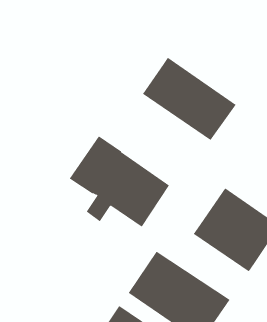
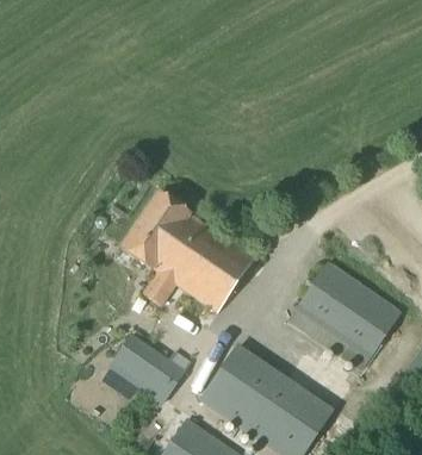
building: [142,57,237,141] -> none
building: none -> [107,332,191,404]

